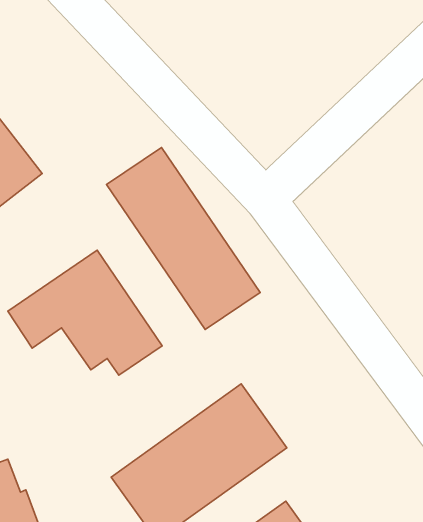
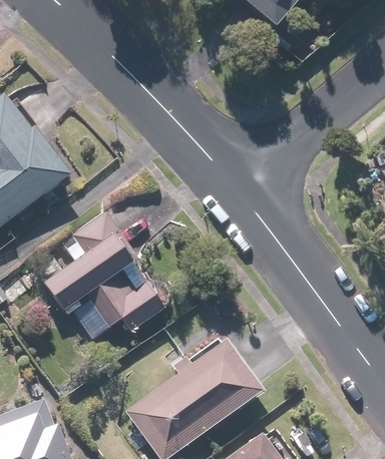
building: [106,147,260,330] -> none

